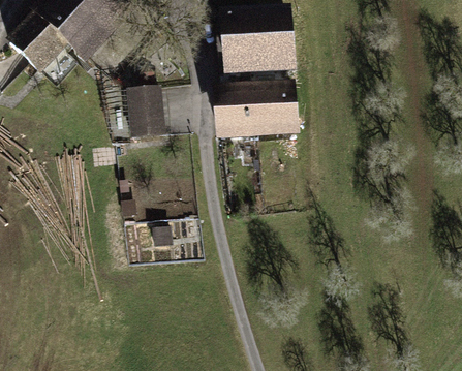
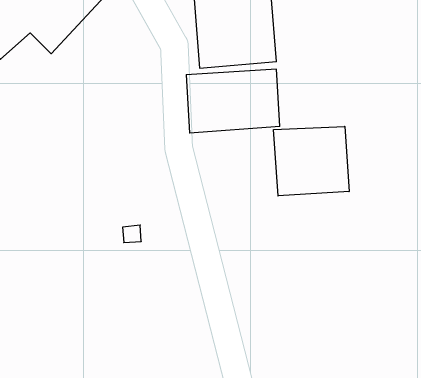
building: [126,84,165,135] -> none
building: none -> [274,126,349,196]

